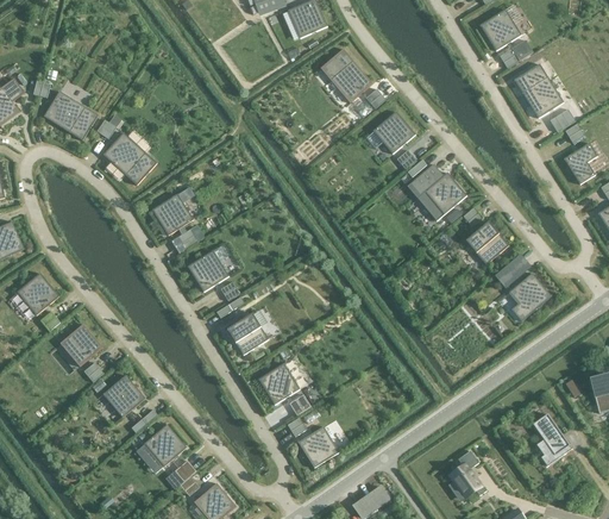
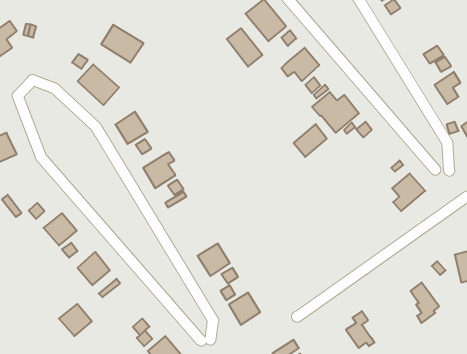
building: [513,63,563,118] -> none
building: none -> [227,28,262,67]
building: [43,90,98,139] -> [101,25,144,63]
building: none -> [294,124,327,157]
building: [465,221,508,263] -> none
building: [15,273,58,314] -> none
building: [226,313,268,355] -> none
building: [143,424,186,465] -> [59,304,92,336]

